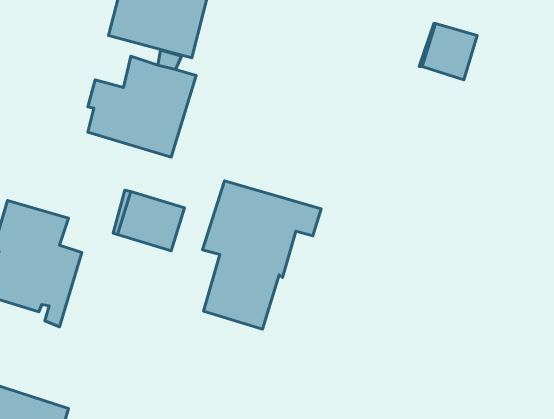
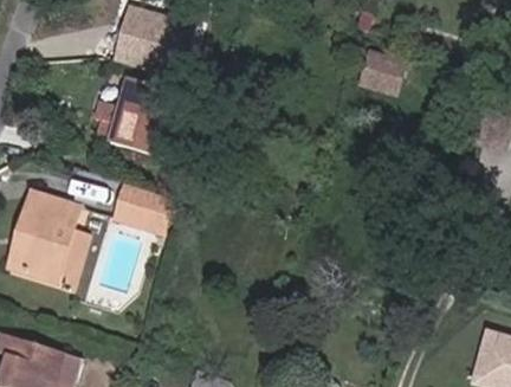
building: [203,181,321,329] -> none

